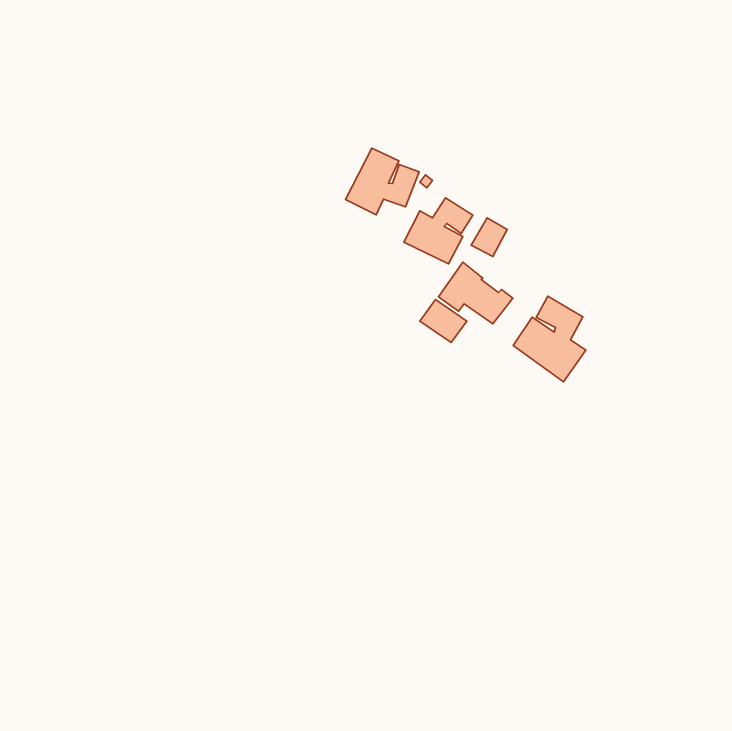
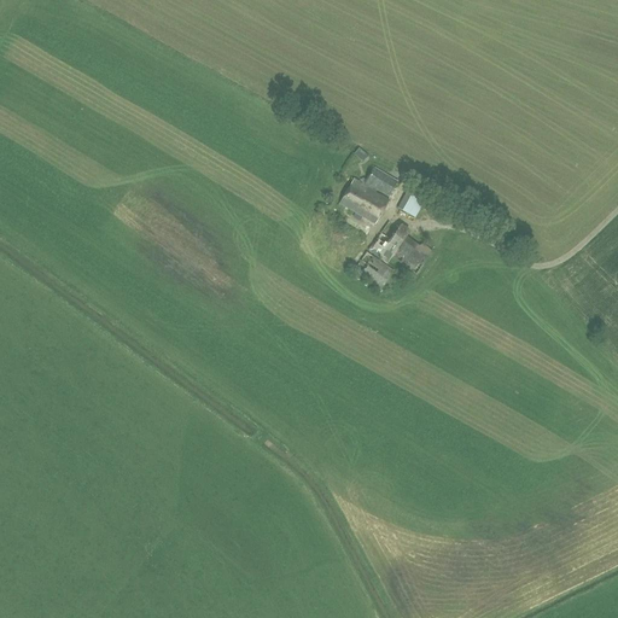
building: [346,148,419,215] -> none
building: [513,296,586,382] -> none

